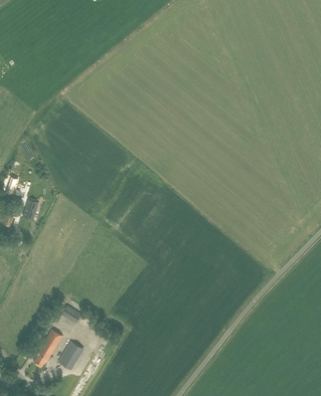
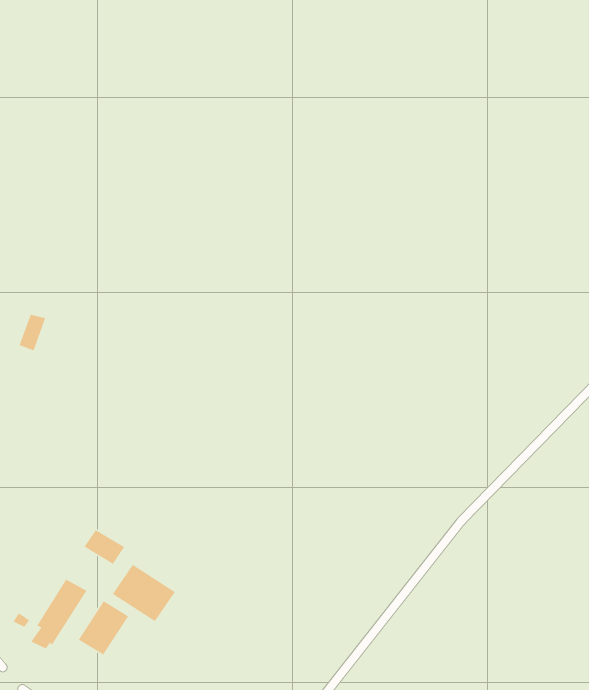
building: none -> [112,564,176,622]

